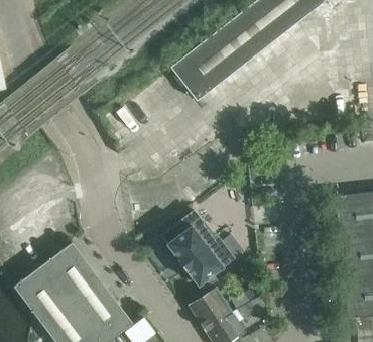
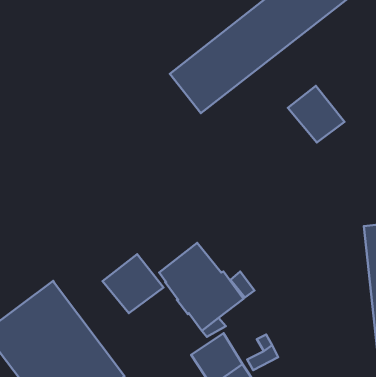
building: none -> [288,86,344,143]
building: none -> [102,254,163,313]

